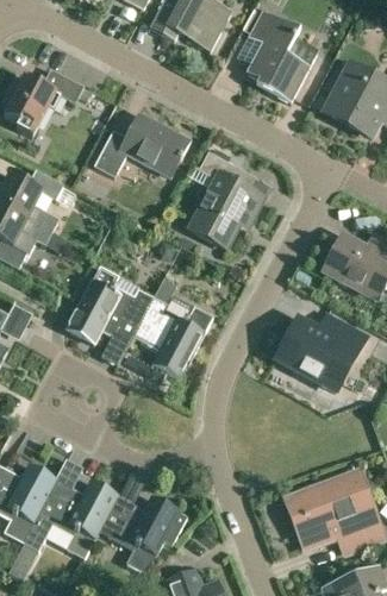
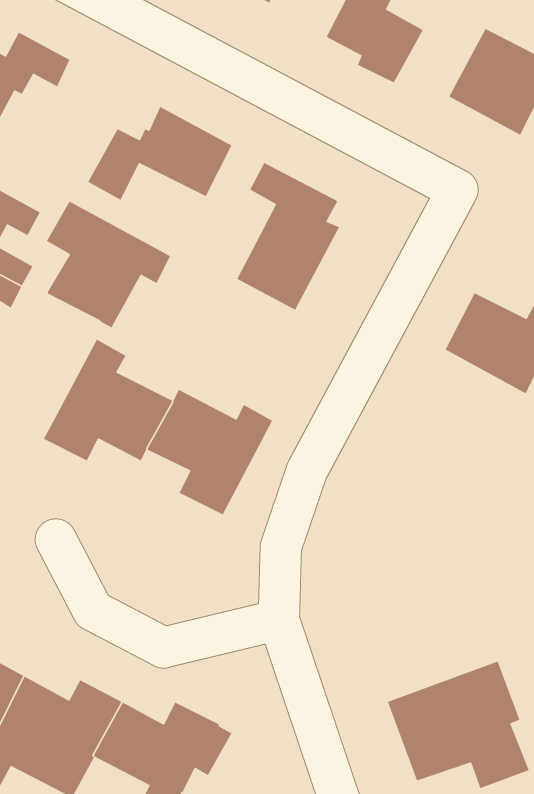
building: none -> [46,201,171,329]
building: [275,315,367,390] -> none

